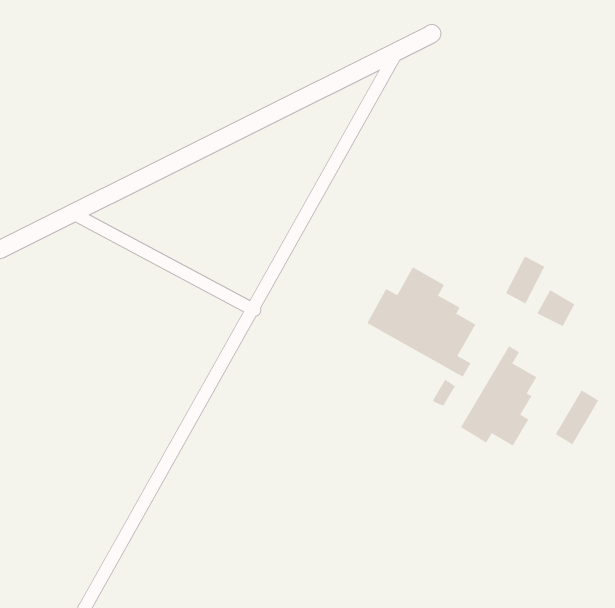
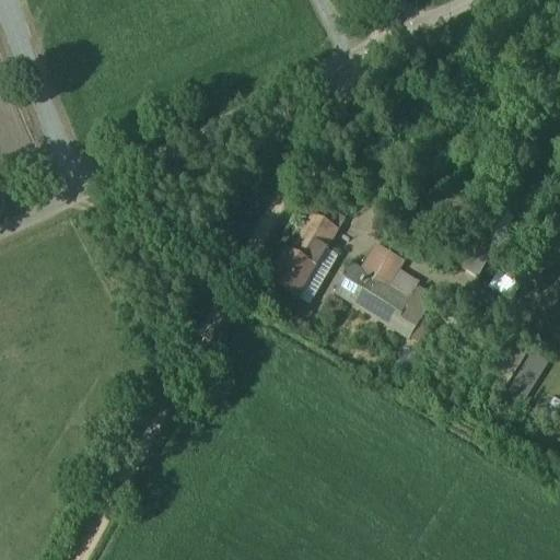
building: none -> [267,201,343,301]
building: [460,346,537,447] -> none

